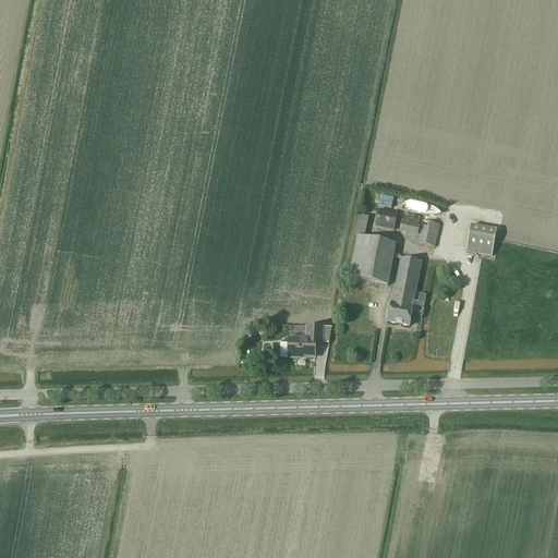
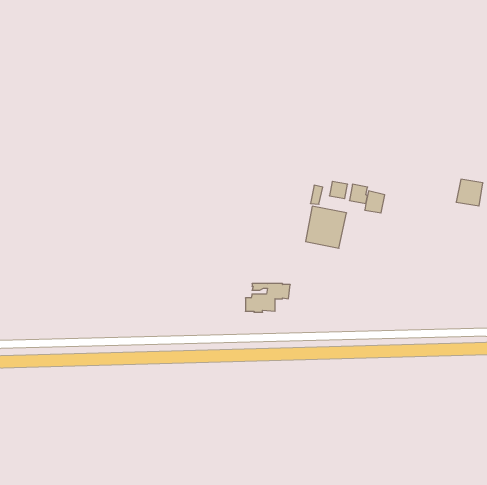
building: [465,222,496,253] -> [456,179,483,206]
building: [387,256,425,324] -> none

